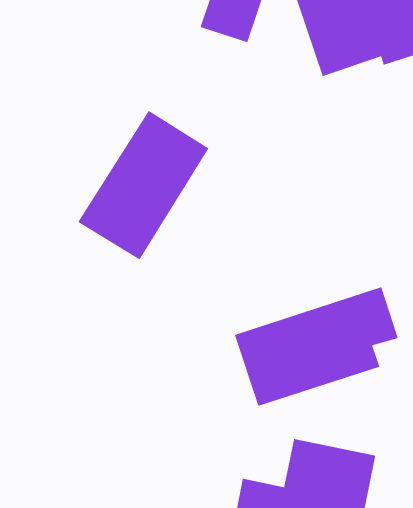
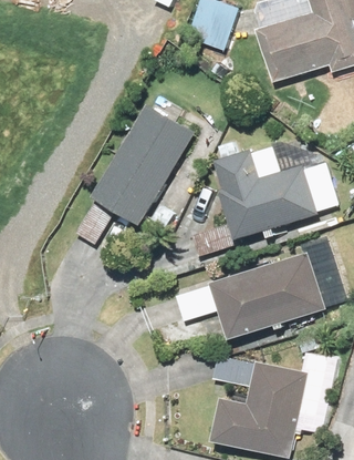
building: none -> [214,143,319,238]

